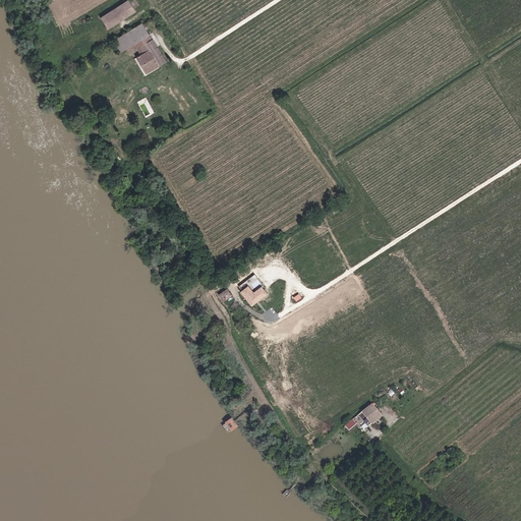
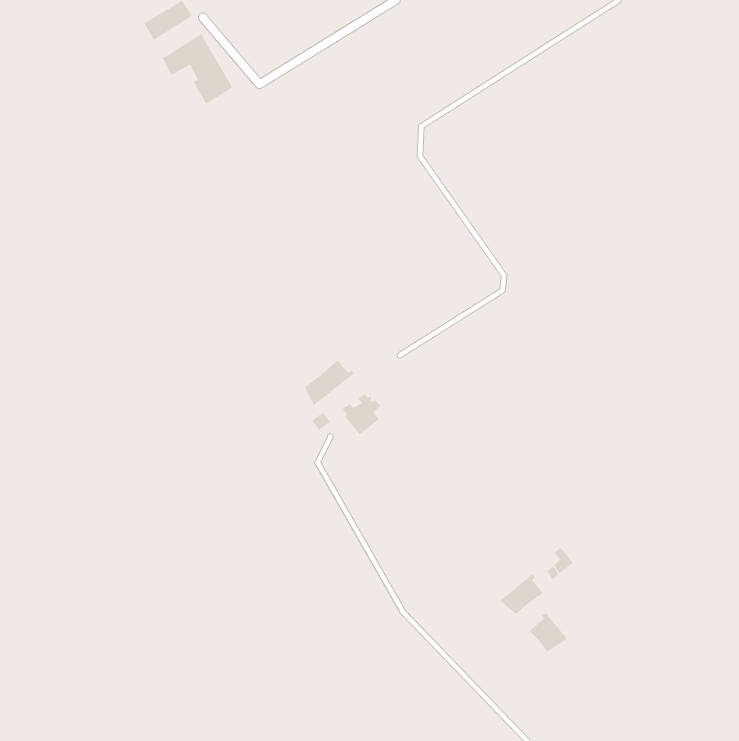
building: none -> [304,360,354,406]
building: none -> [529,613,568,652]

